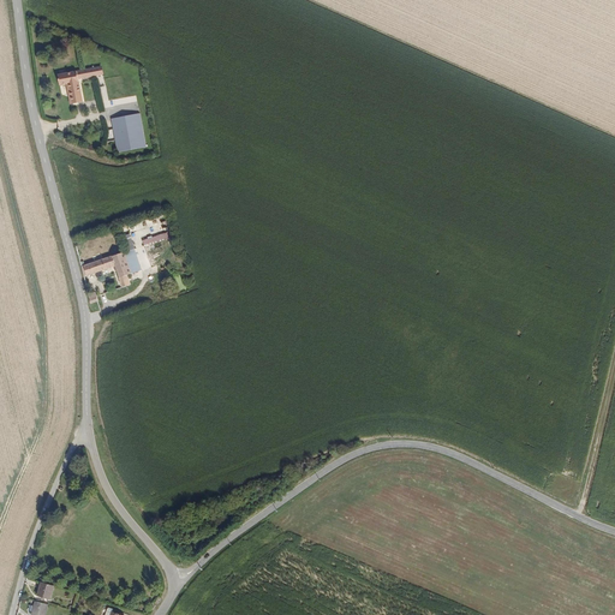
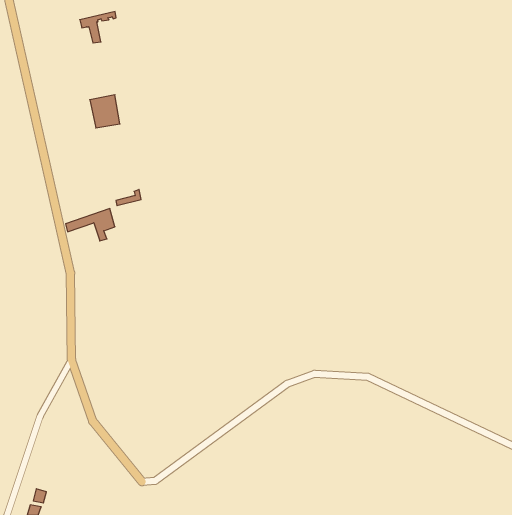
building: [58,67,101,105] -> [80,12,116,43]

